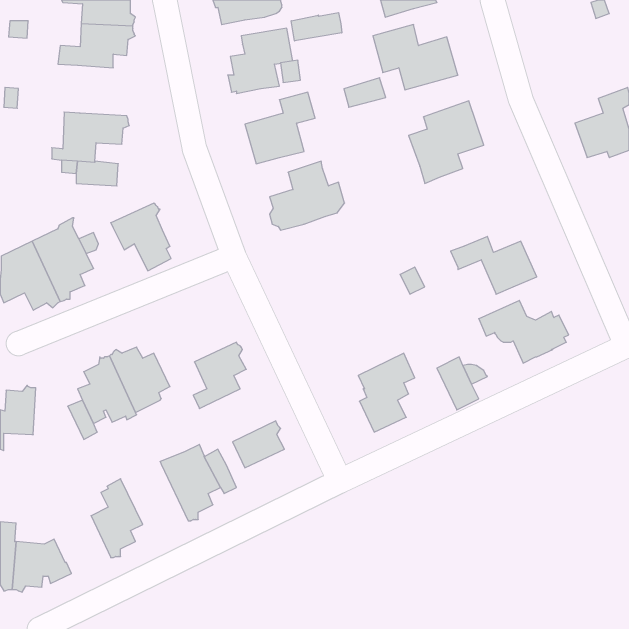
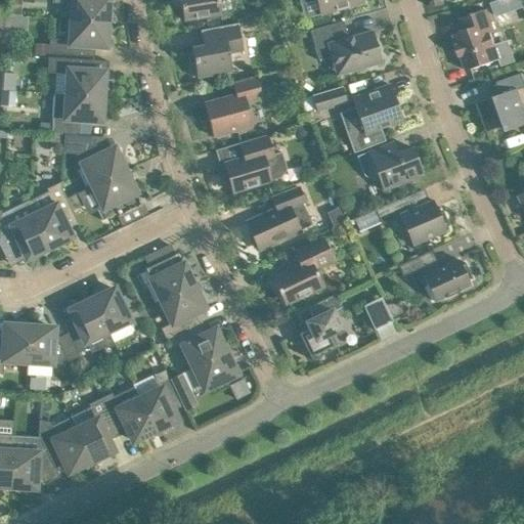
building: none -> [453,9,499,71]
building: [291,13,342,41] -> none
building: none -> [48,57,108,96]
building: [344,78,386,107] -> [312,86,347,111]
building: none -> [357,142,423,190]
building: none -> [82,148,128,185]
building: none -> [247,187,312,249]
building: none -> [271,236,334,305]
building: none -> [143,244,196,301]
building: none -> [27,321,53,376]
building: none -> [170,323,229,367]
building: none -> [100,386,157,441]
building: none -> [39,420,92,472]

